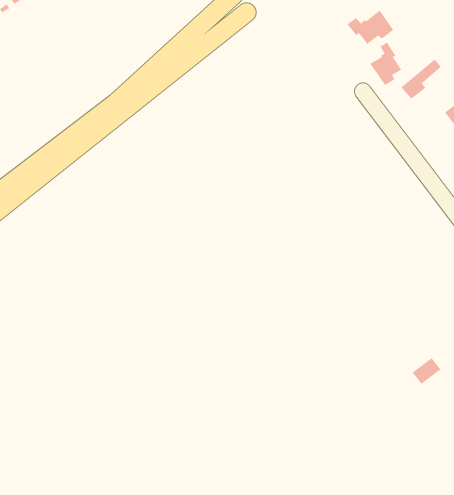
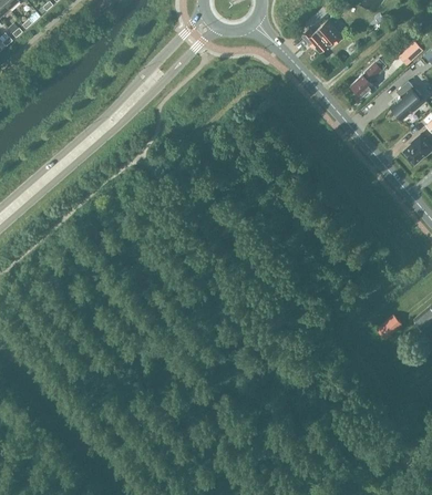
building: [369,42,402,86] -> none

